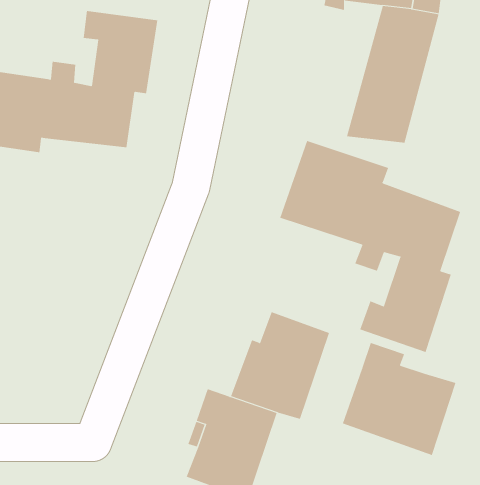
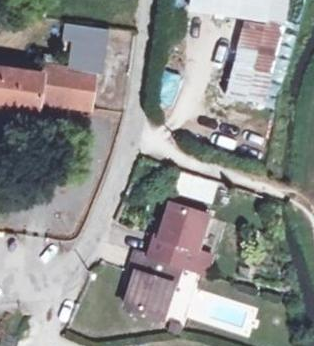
building: [280,140,461,353] -> none
building: [342,342,456,456] -> none

